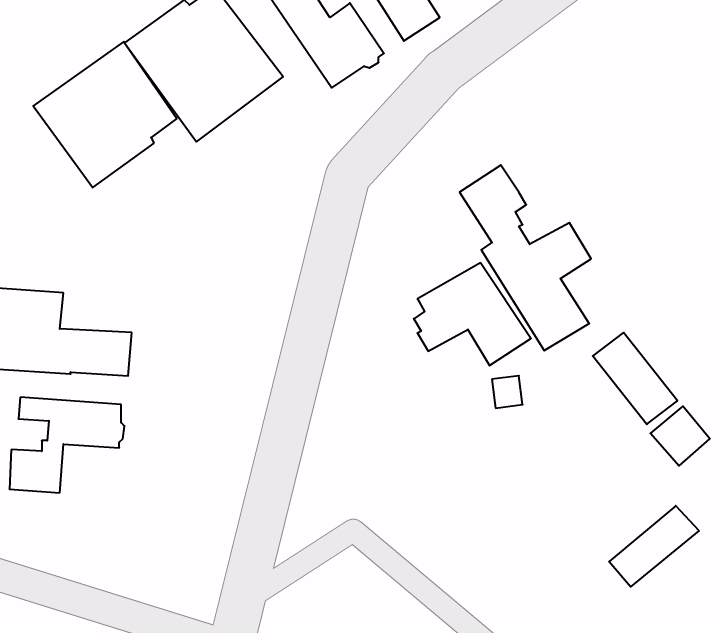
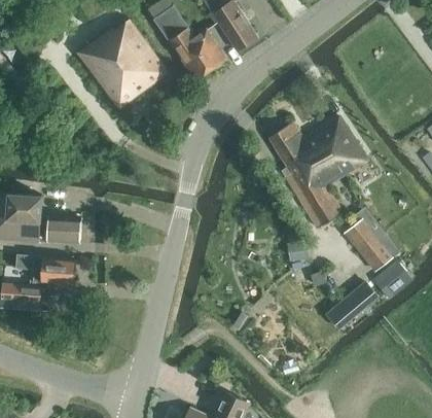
building: [33,42,177,188] -> none
building: [414,263,531,365] -> [300,117,367,176]
building: [609,506,699,587] -> [326,282,377,328]

